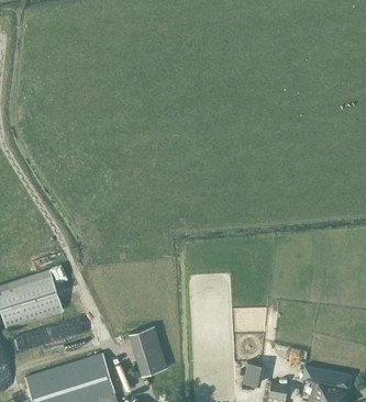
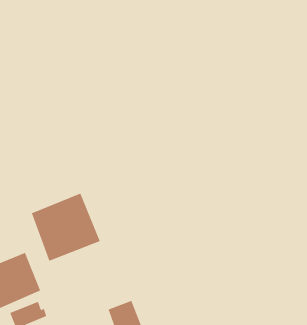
building: none -> [31,193,101,262]

